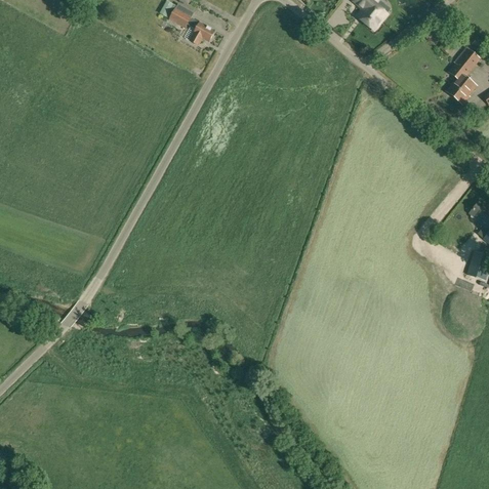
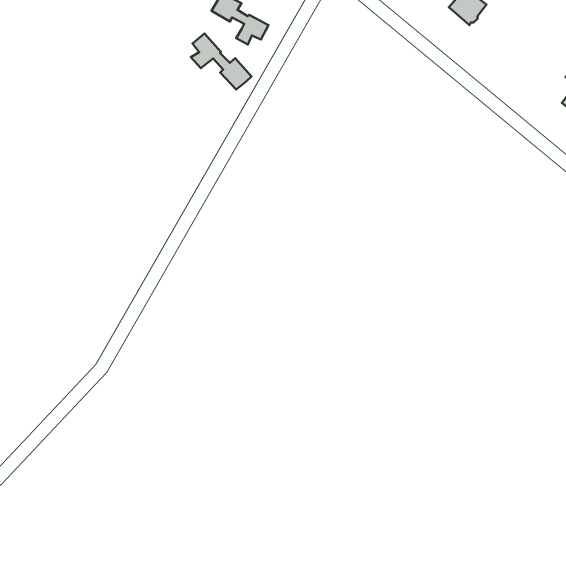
building: none -> [191,33,252,90]

